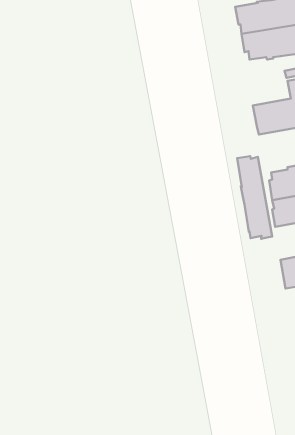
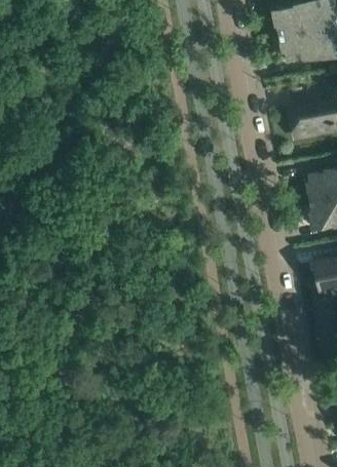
building: [237,156,272,239] -> none

